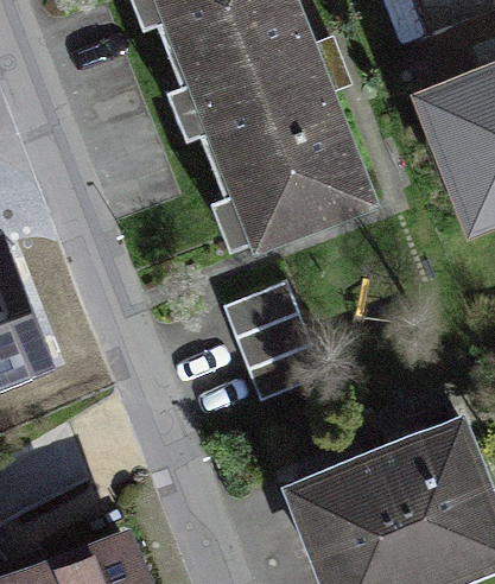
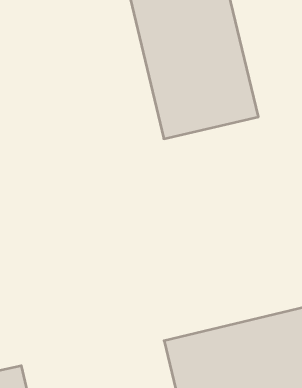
building: [222,283,322,402] -> none

